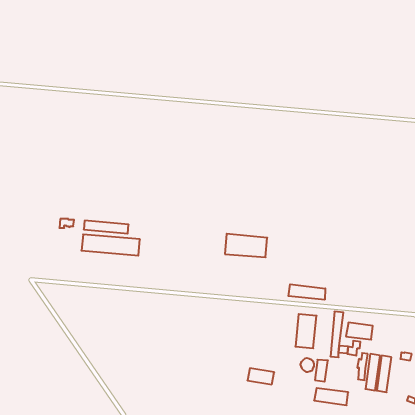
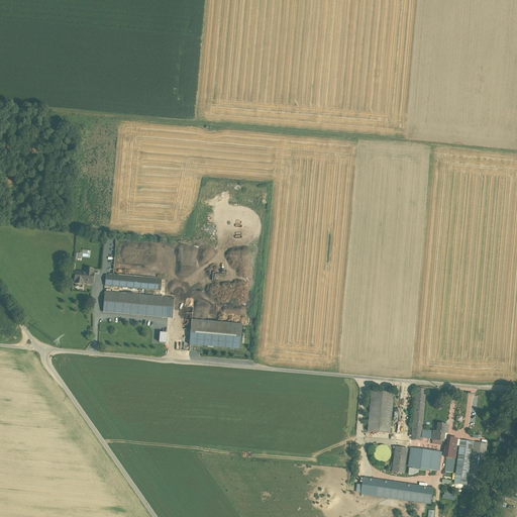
building: [225,234,267,257] -> [189,319,241,348]
building: [288,284,325,300] -> none
building: [346,323,373,340] -> [407,448,440,470]
building: [247,368,274,384] -> [359,477,393,497]

